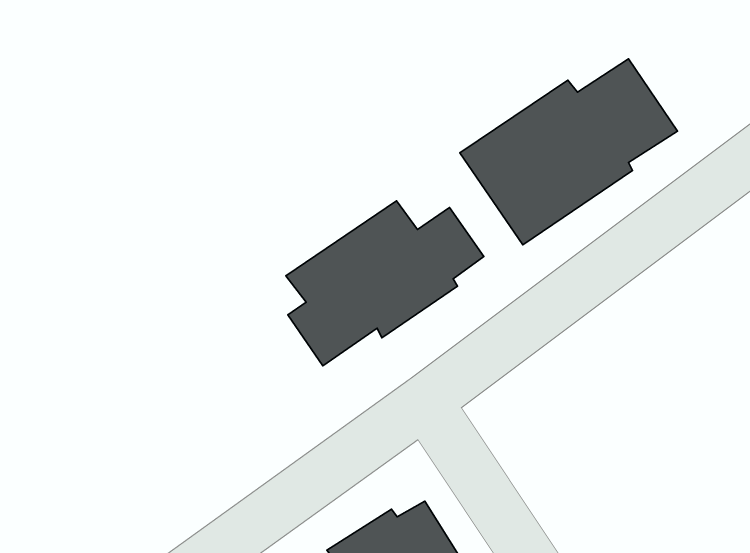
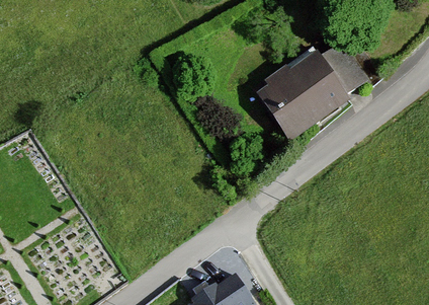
building: [286,201,484,366] -> none

